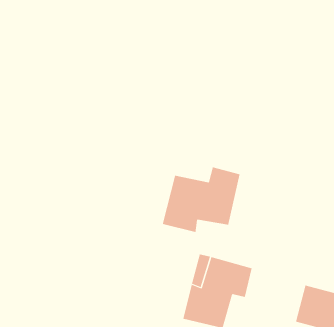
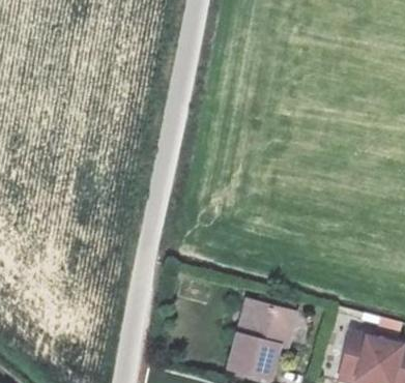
building: [162,166,240,233] -> none

